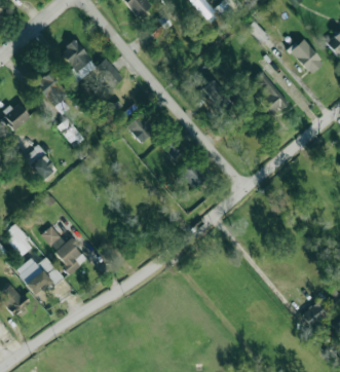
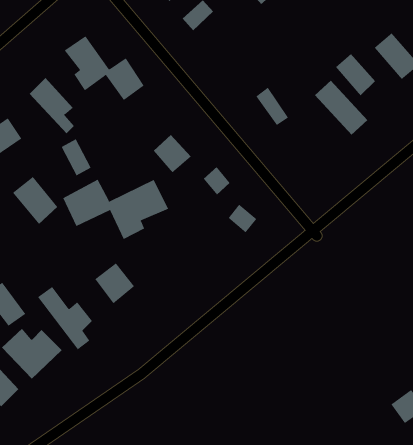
building: none -> [335,53,376,96]
building: none -> [63,179,169,240]
building: none -> [94,263,135,304]

